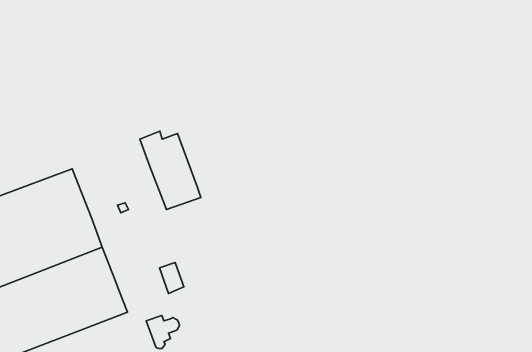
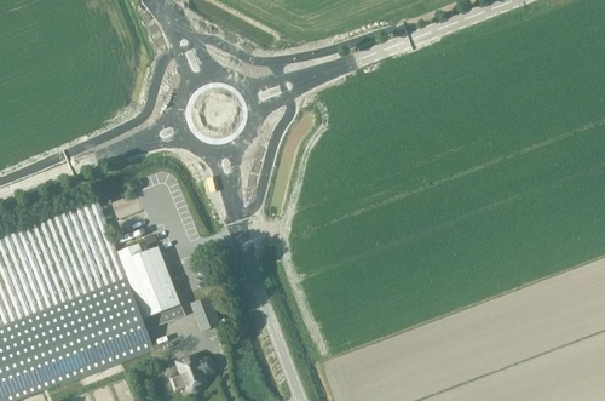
building: [140,131,201,210] -> [116,241,183,327]

